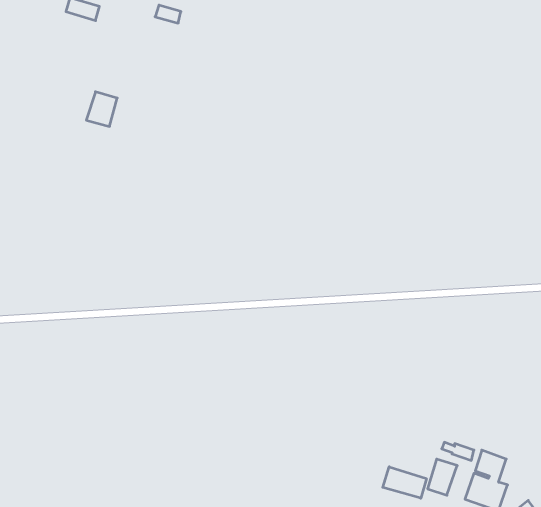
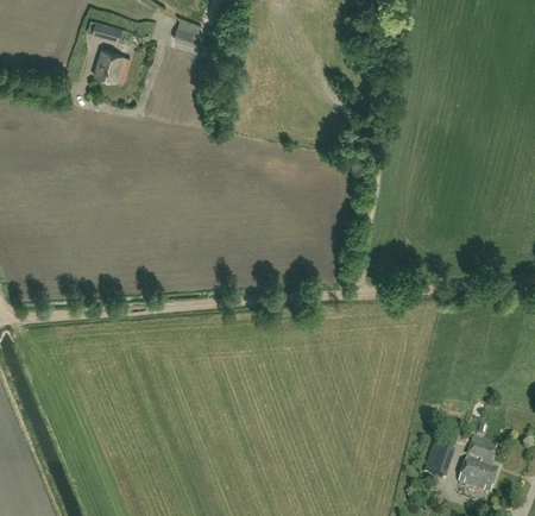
building: [86,92,117,126] -> [94,50,122,82]
building: [383,467,426,498] -> none

